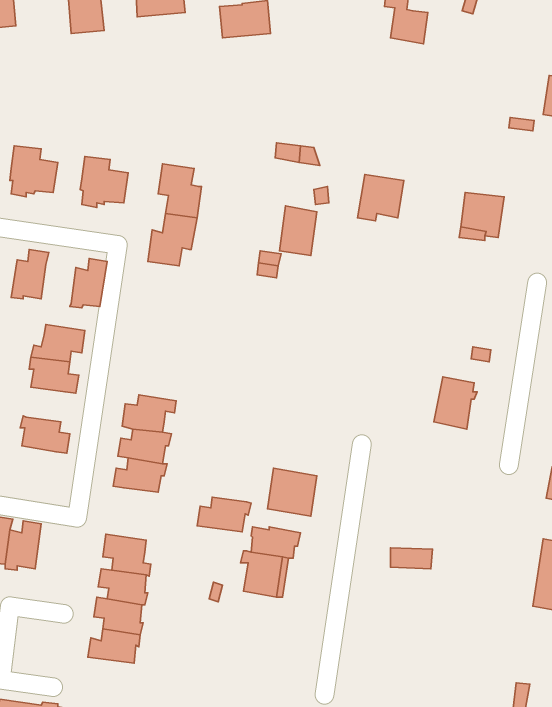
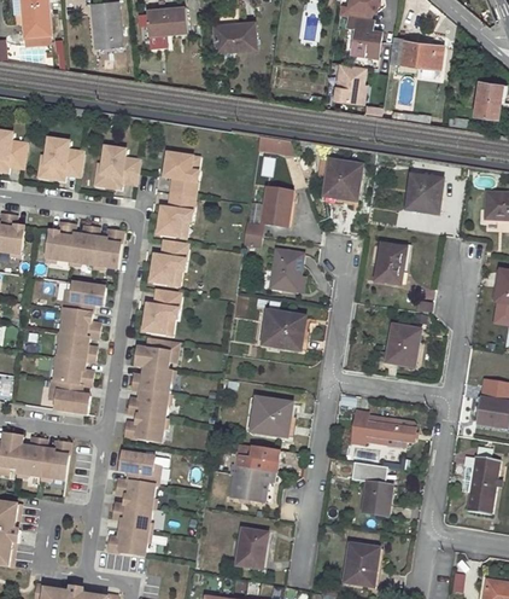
building: none -> [390,40,443,68]
building: none -> [334,63,364,103]
building: none -> [70,226,99,266]
building: none -> [151,242,188,285]
building: none -> [375,243,406,284]
building: none -> [270,250,303,291]
building: none -> [144,290,181,335]
building: none -> [263,312,302,350]
building: none -> [57,332,96,362]
building: none -> [49,380,89,414]
building: none -> [352,411,414,447]
building: [197,497,251,532] -> [124,414,168,442]
building: none -> [362,483,392,516]
building: none -> [236,530,268,569]
building: none -> [345,545,380,586]

